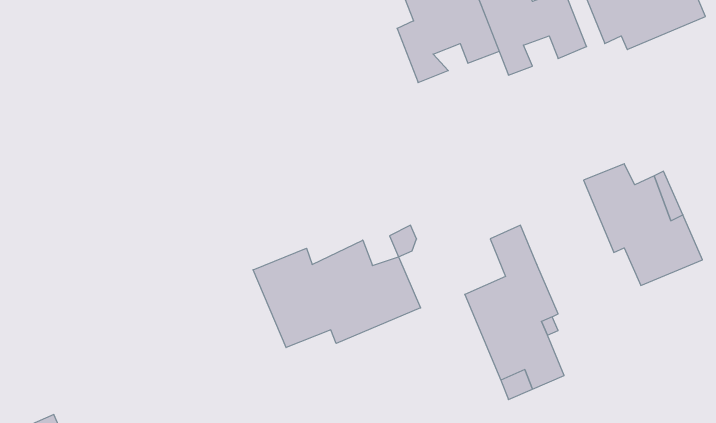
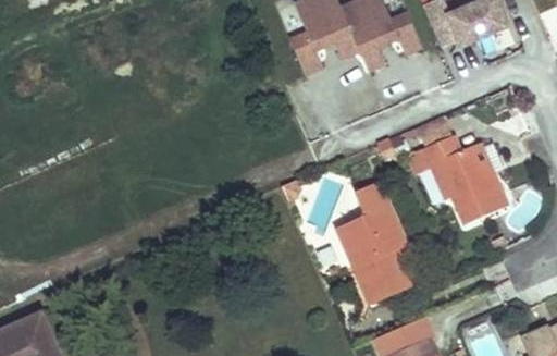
building: [253,240,421,348] -> none

